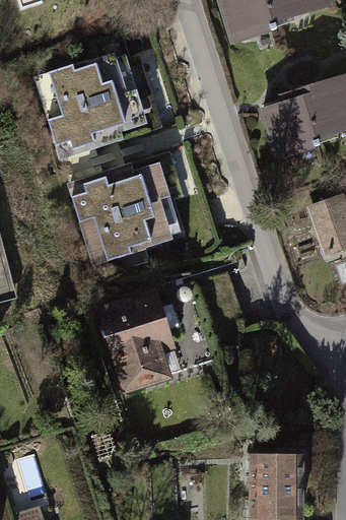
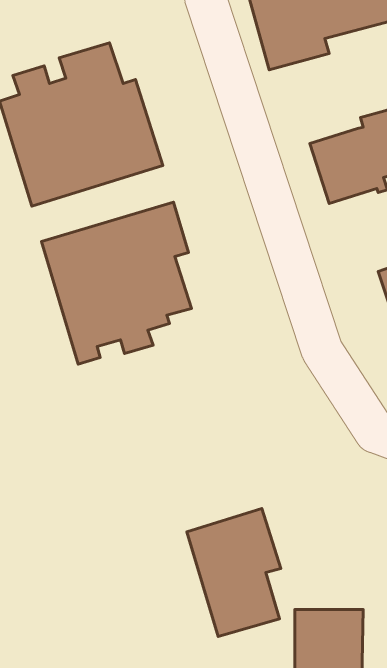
building: [103,299,174,394] -> [187,509,281,637]

